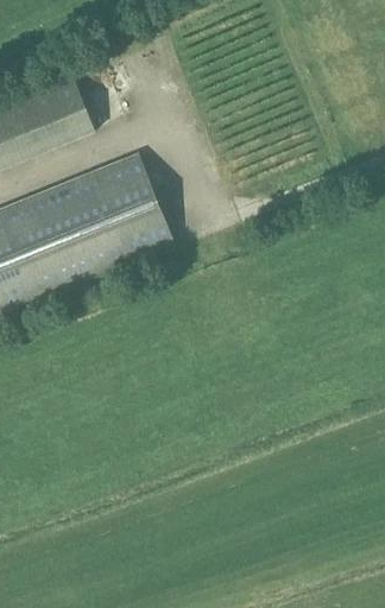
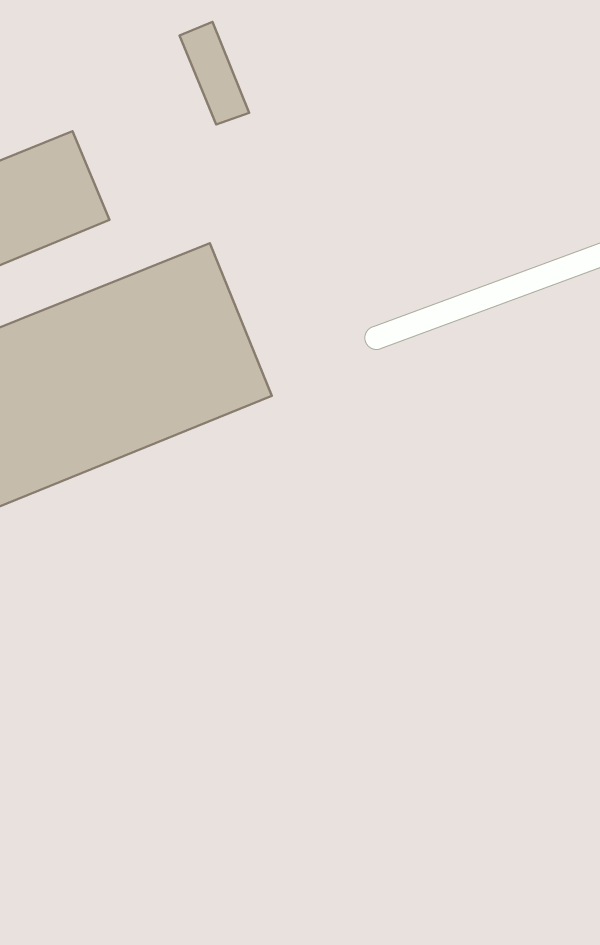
building: [51,75,94,138] -> [180,22,249,124]

